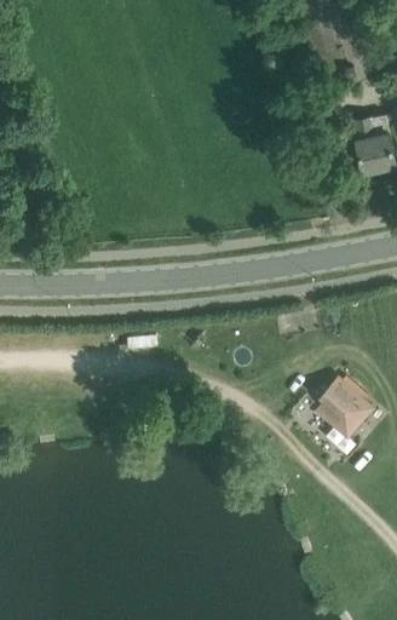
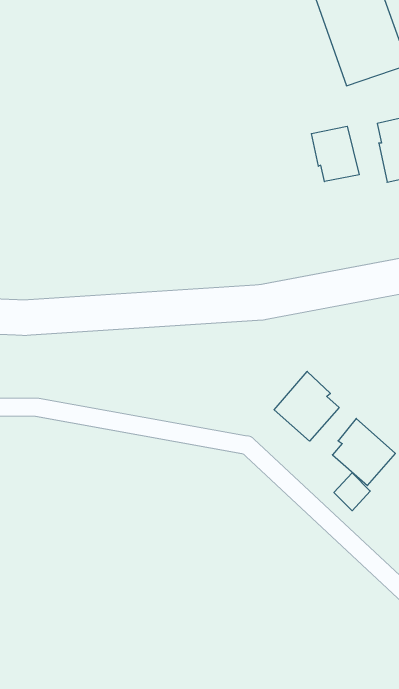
building: none -> [311,126,359,182]
building: none -> [274,371,339,441]

